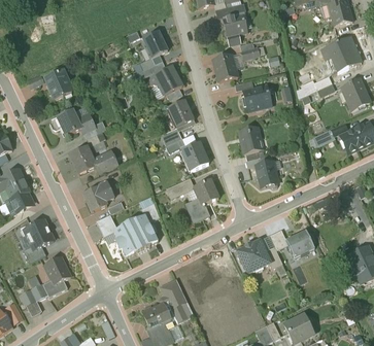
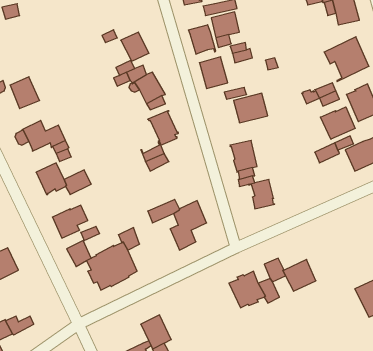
building: none -> [188,25,215,54]
building: none -> [320,107,355,139]
building: [180,141,208,170] -> none
building: [43,255,69,284] -> none

